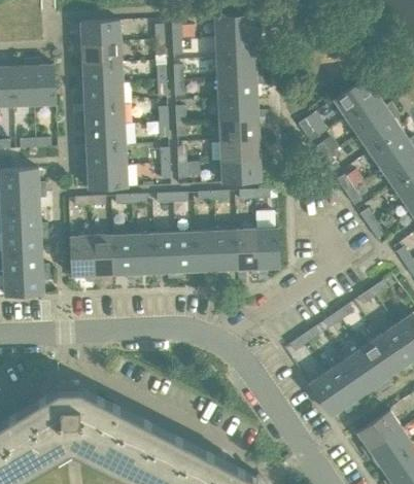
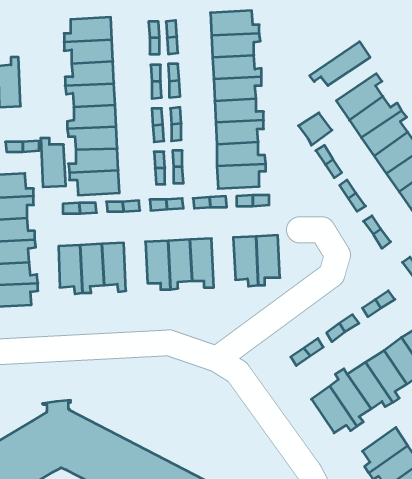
building: none -> [310,42,370,86]
building: [31,59,55,105] -> [41,138,66,187]
building: [214,230,237,277] -> none
building: [131,234,153,280] -> none

